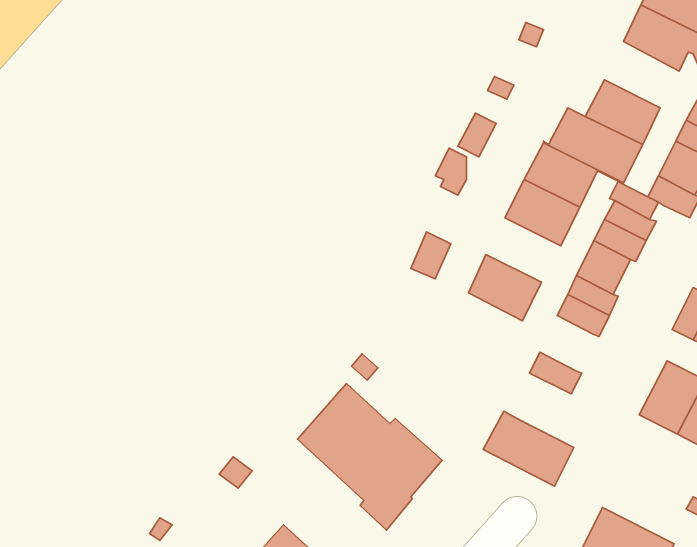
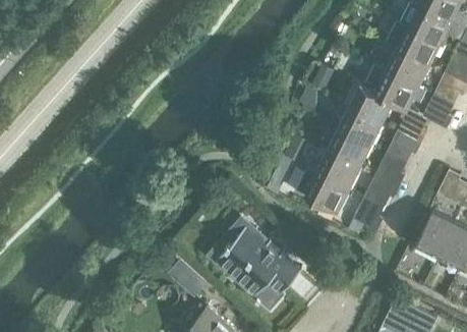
building: none -> [387,20,441,64]
building: none -> [328,128,371,166]
building: none -> [359,185,391,218]
building: [483,411,574,486] -> [296,167,349,211]

